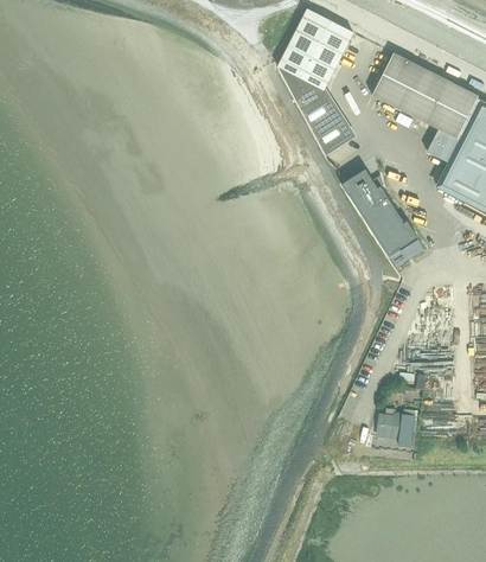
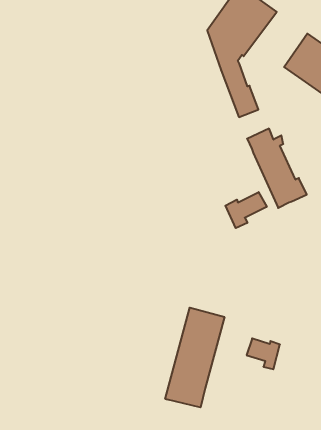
building: none -> [225,192,267,228]
building: none -> [165,308,224,407]

